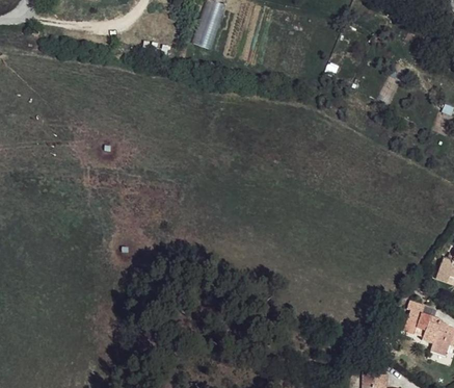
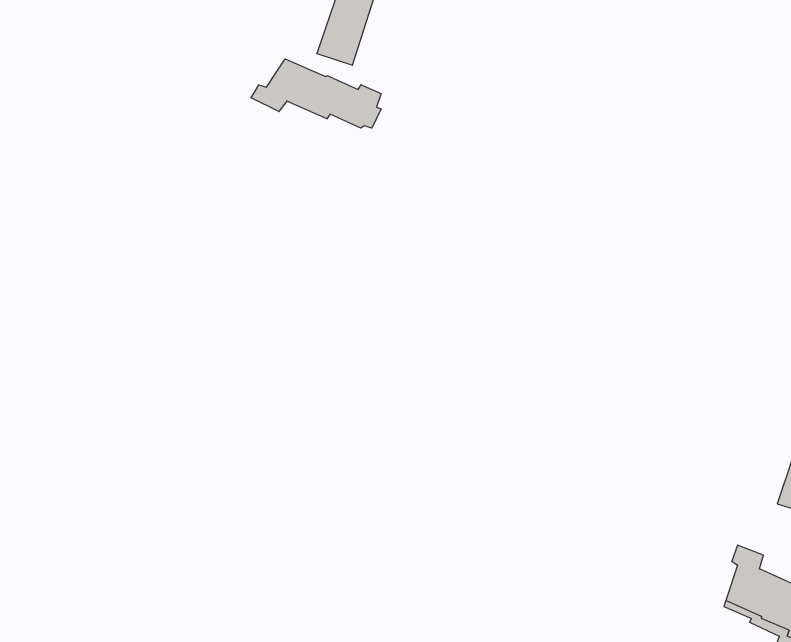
building: none -> [251,59,381,128]

